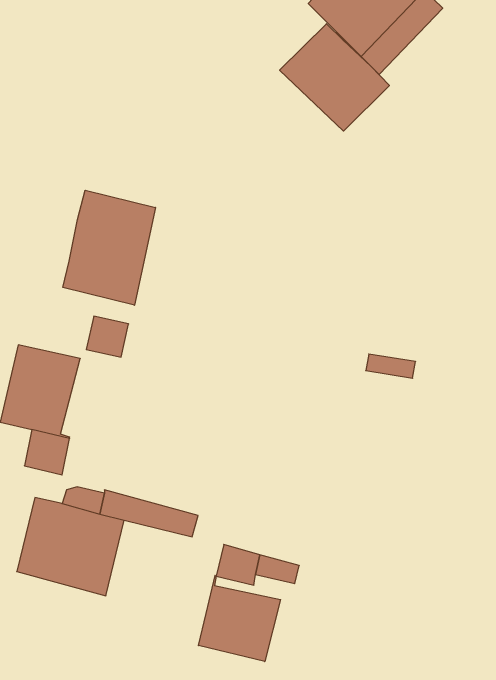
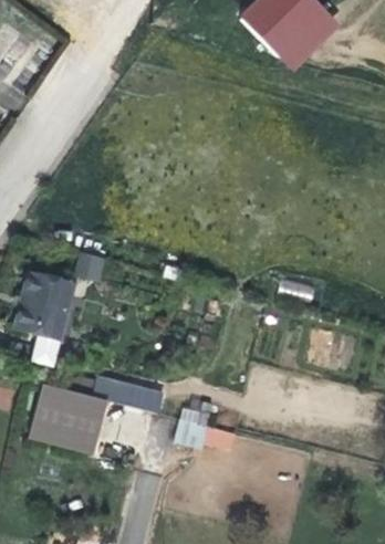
building: [280,24,389,131] -> none
building: [63,190,155,305] -> none
building: [198,575,281,662] -> none

